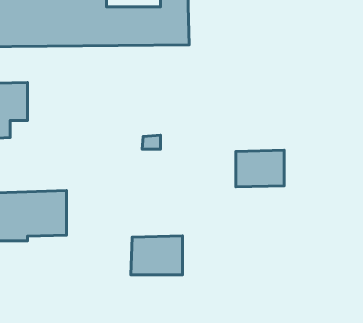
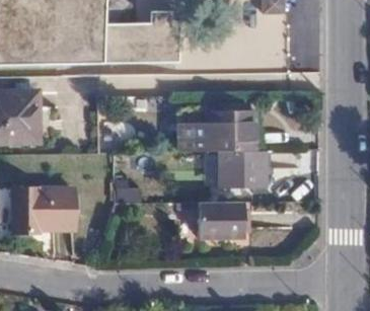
building: none -> [181,107,257,152]
building: [131,236,183,275] -> [200,202,245,236]

